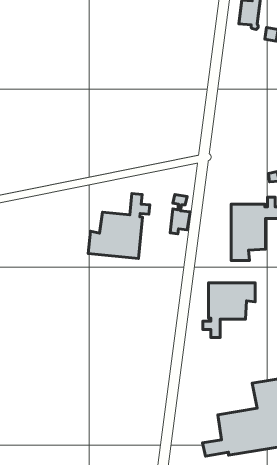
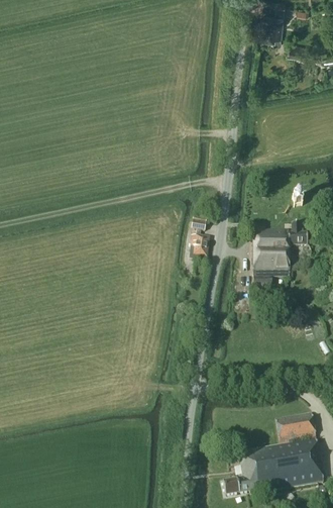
building: [88,194,150,258] -> none
building: [203,283,255,338] -> none

